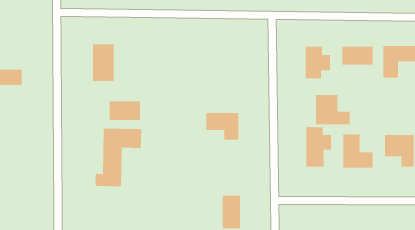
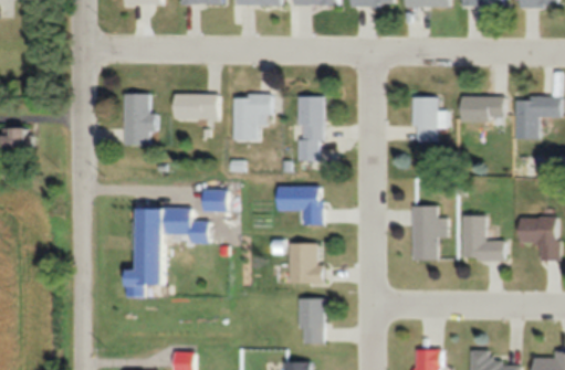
building: none -> [233,95,271,141]
building: none -> [299,98,323,161]
building: [316,94,350,125] -> none
building: [109,101,141,120] -> [175,93,218,119]
building: none -> [289,244,323,284]

